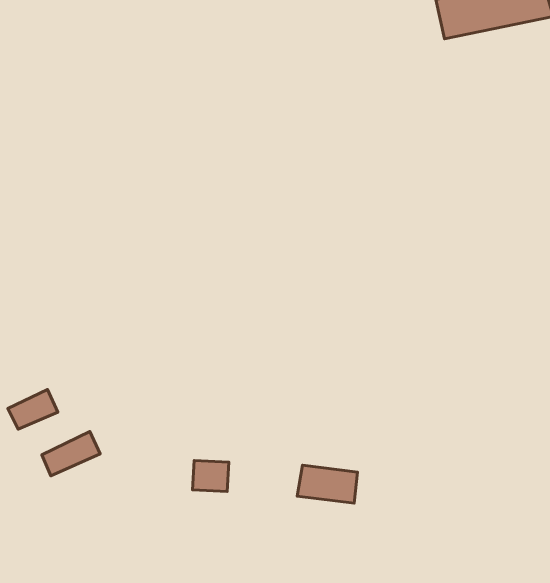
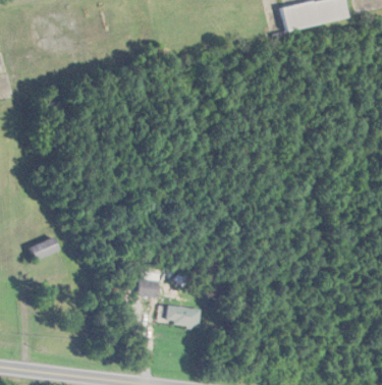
building: [42,432,100,476] -> none
building: [297,465,358,503] -> [165,306,201,328]

